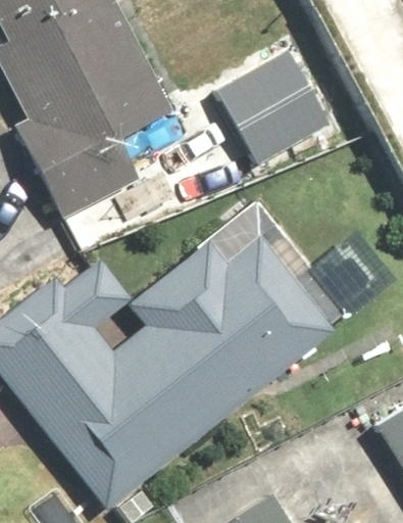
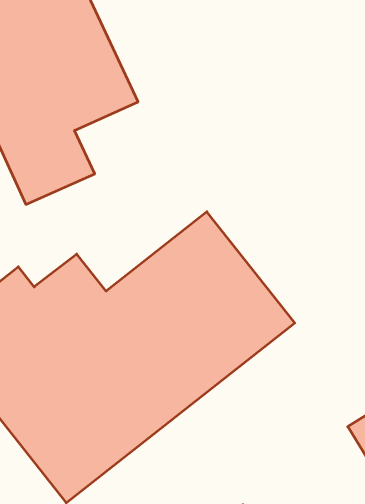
building: [210,51,335,174] -> none

